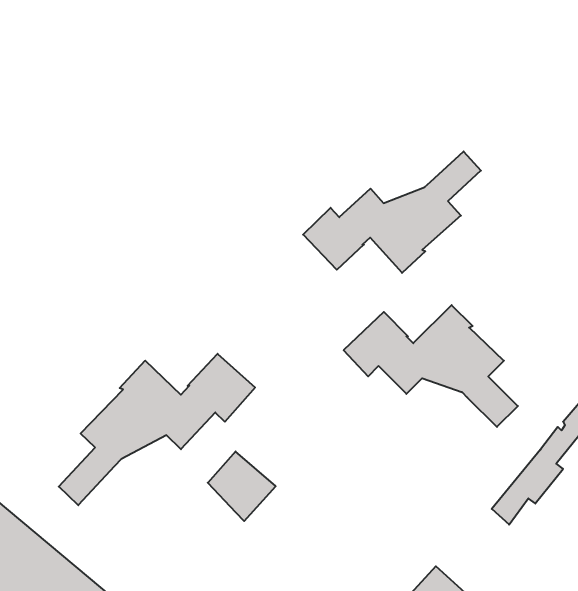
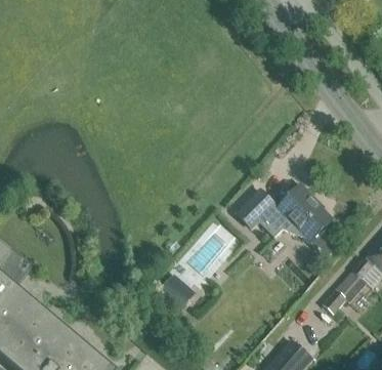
building: [303,151,481,273] -> none
building: [59,354,255,505] -> none

